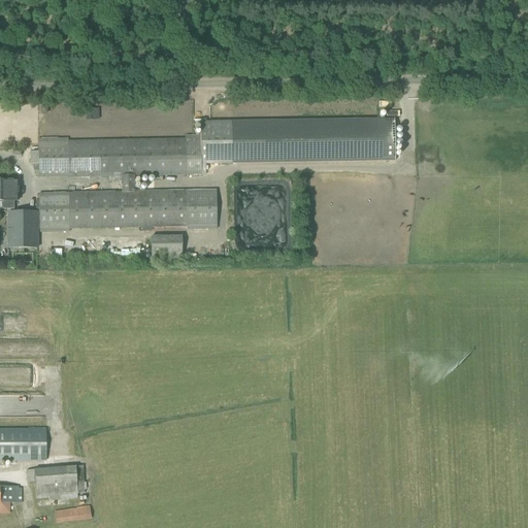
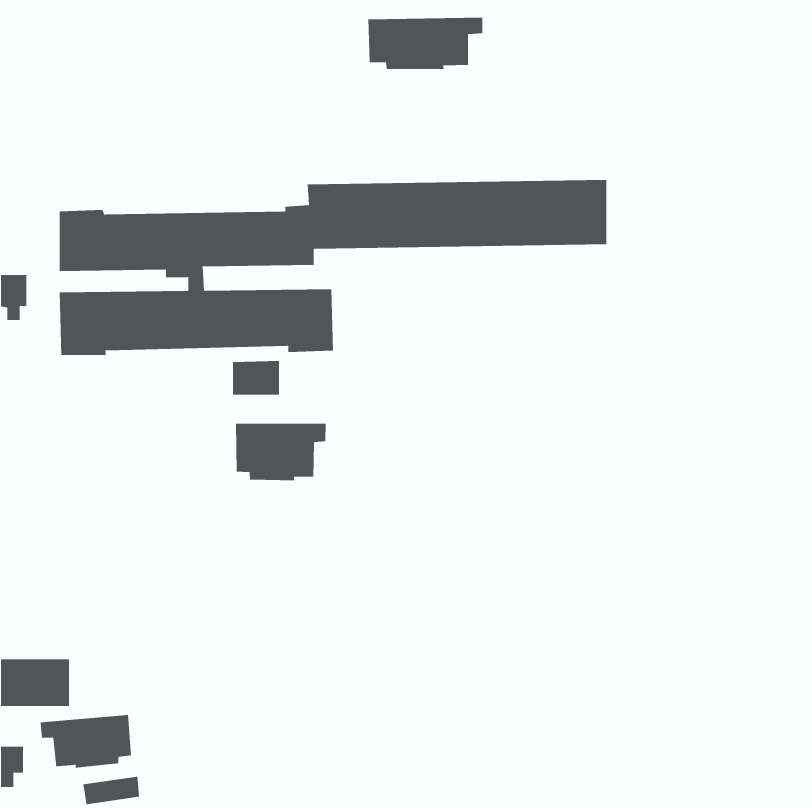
building: none -> [368,17,483,70]
building: [8,210,37,246] -> none
building: none -> [236,423,326,481]

